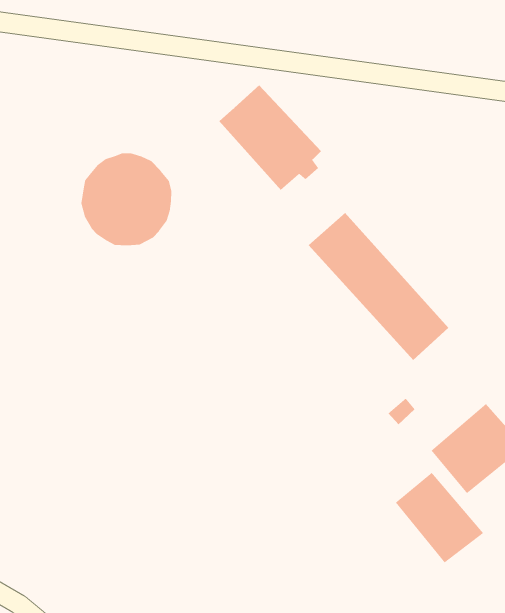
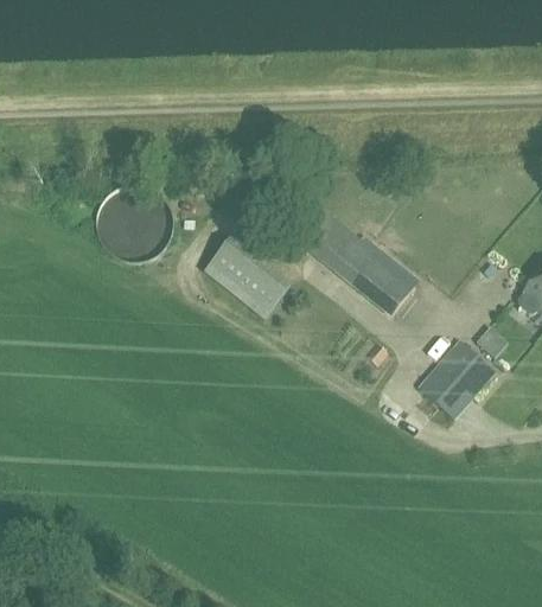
building: [218,84,322,191] -> [204,234,293,318]
building: [395,472,484,563] -> none

